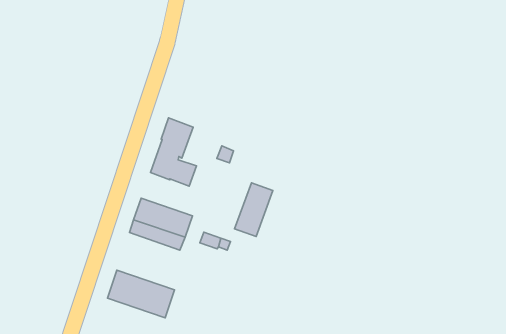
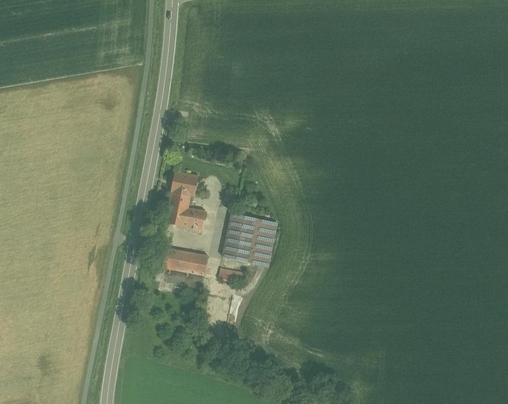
building: none -> [223,213,257,261]
building: [108,270,174,318] -> none

